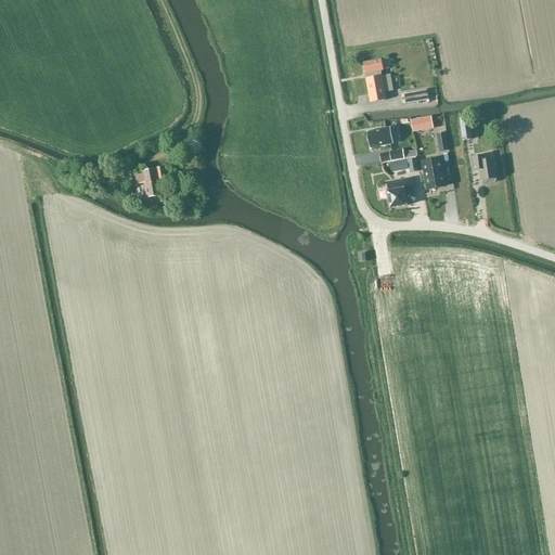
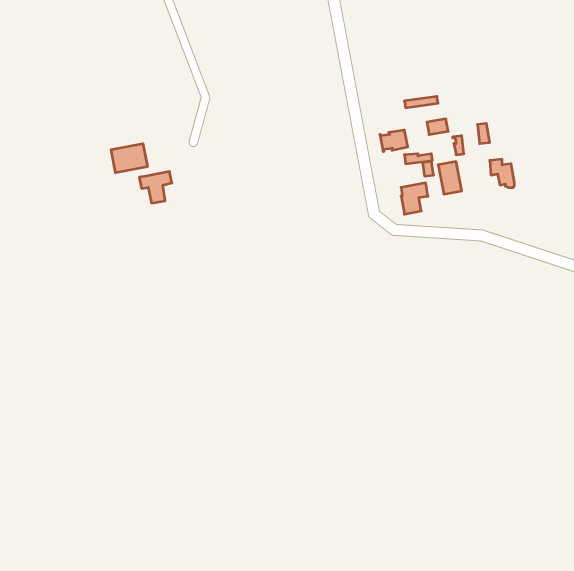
building: [363,57,389,101] -> none
building: none -> [111,144,147,173]

